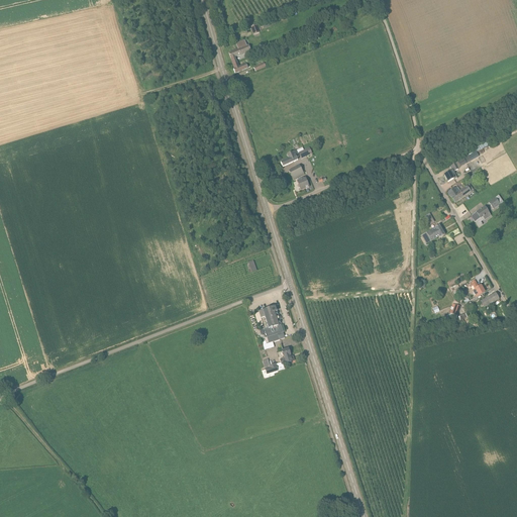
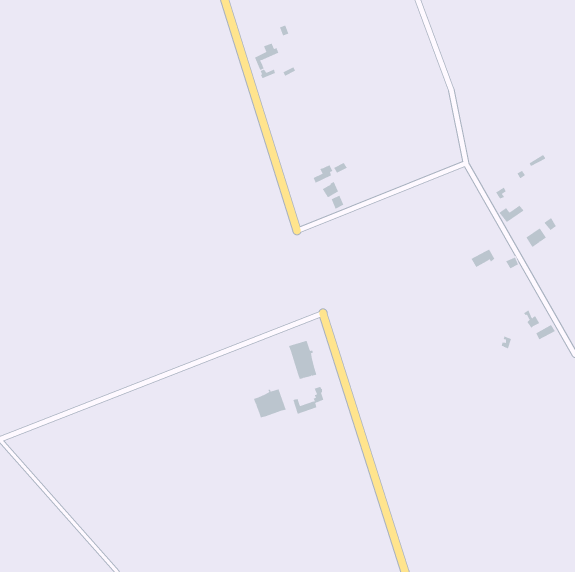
building: none -> [253,389,286,418]

